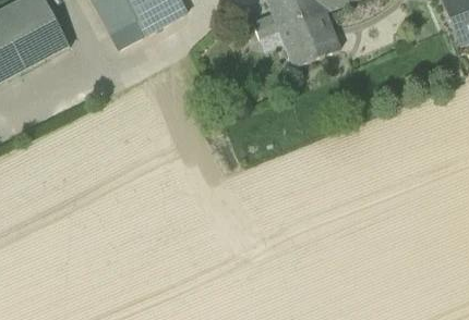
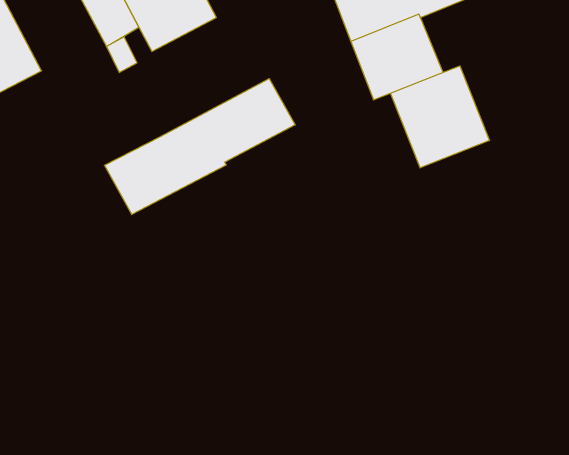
building: none -> [390,66,489,168]
building: none -> [104,79,295,215]

